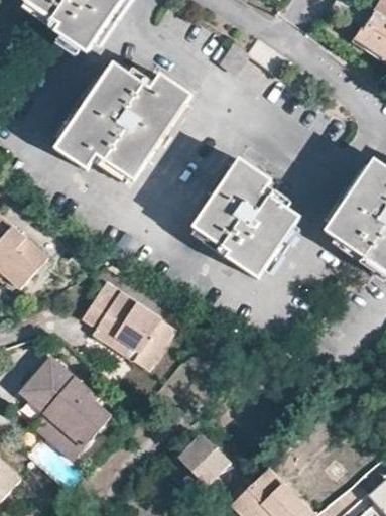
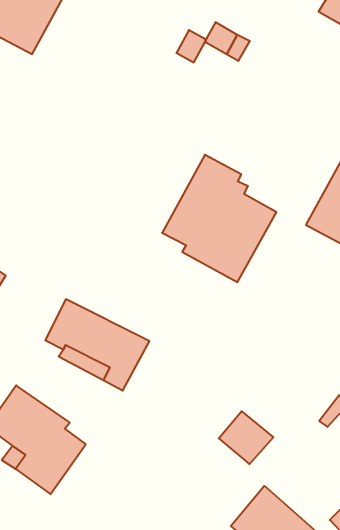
building: [54,62,191,180] -> none
building: [179,433,230,483] -> [219,411,273,464]

